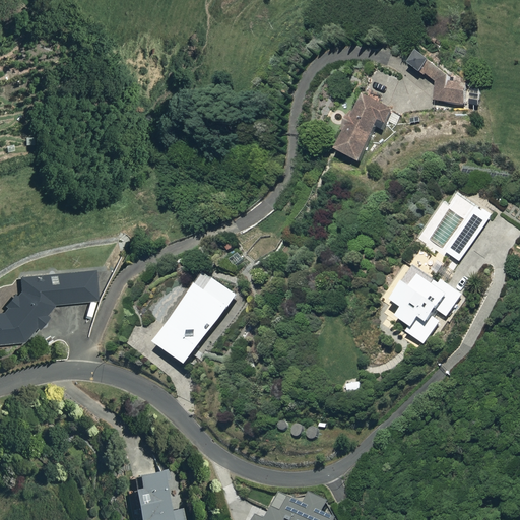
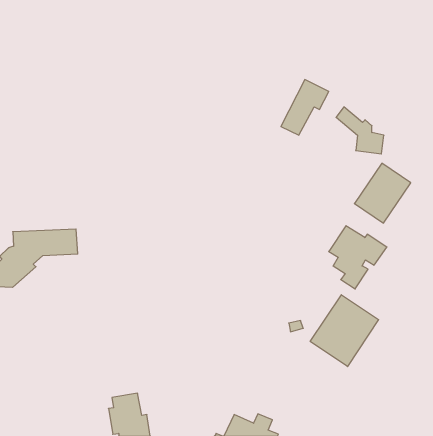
building: [407,50,464,106] -> [336,107,384,154]
building: [155,279,235,364] -> none
building: none -> [310,295,379,367]

